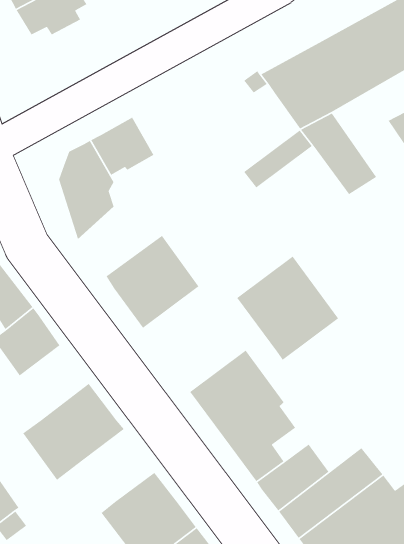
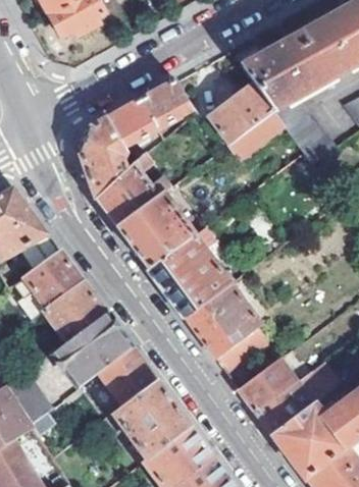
building: none -> [140,82,189,131]
building: none -> [208,83,272,145]
building: none -> [96,154,171,227]
building: [236,255,339,361] -> [148,235,229,319]
building: none -> [44,282,105,341]
building: none -> [101,348,157,405]

